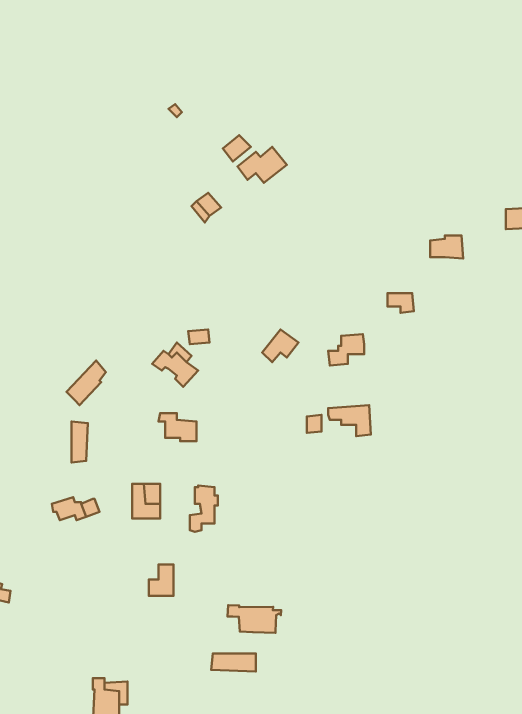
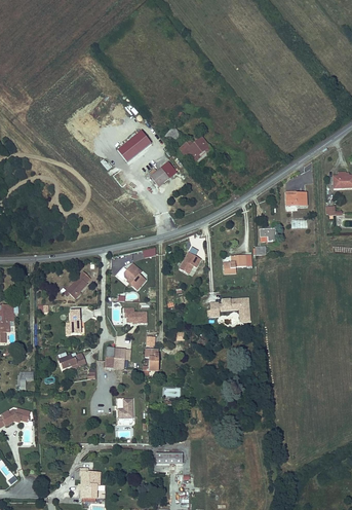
building: none -> [114,133,149,166]
building: [228,605,281,633] -> none

